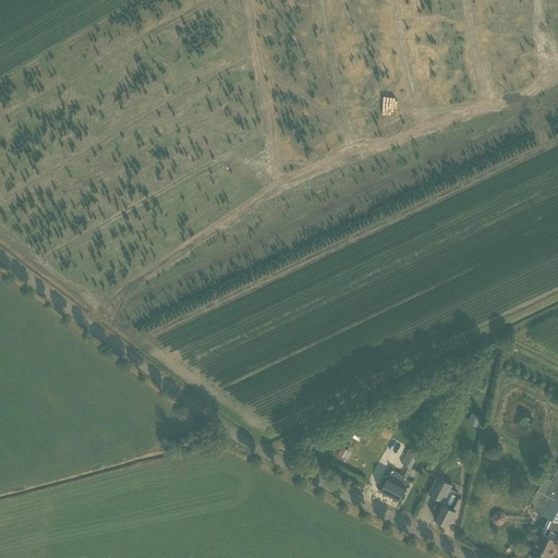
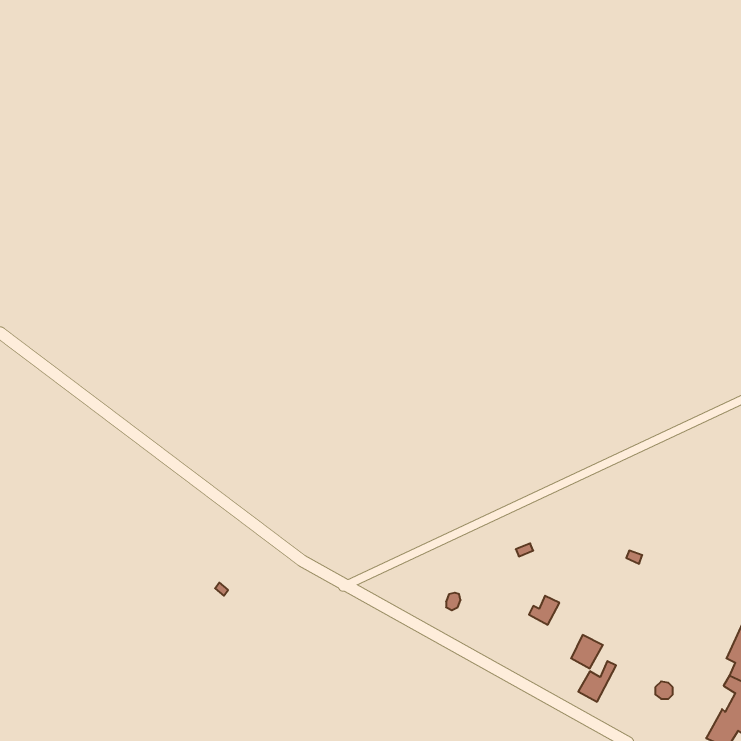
building: [381,471,411,501] -> none

